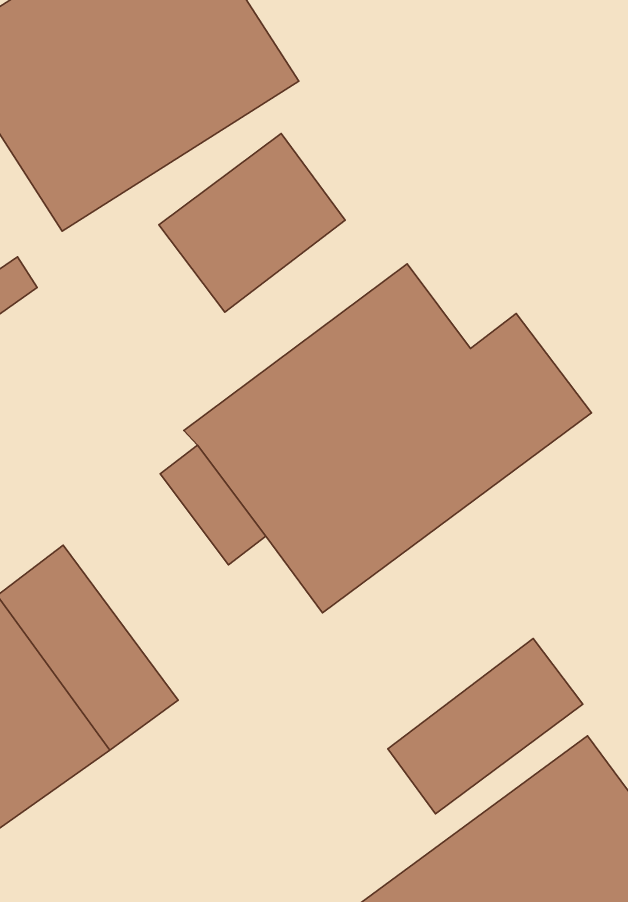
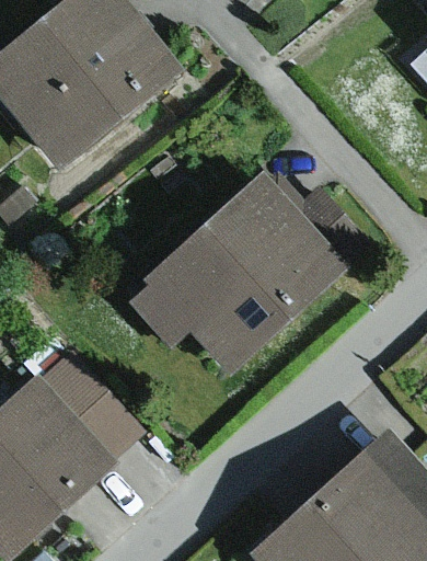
building: [159,133,345,312] -> none
building: [388,639,583,814] -> none

